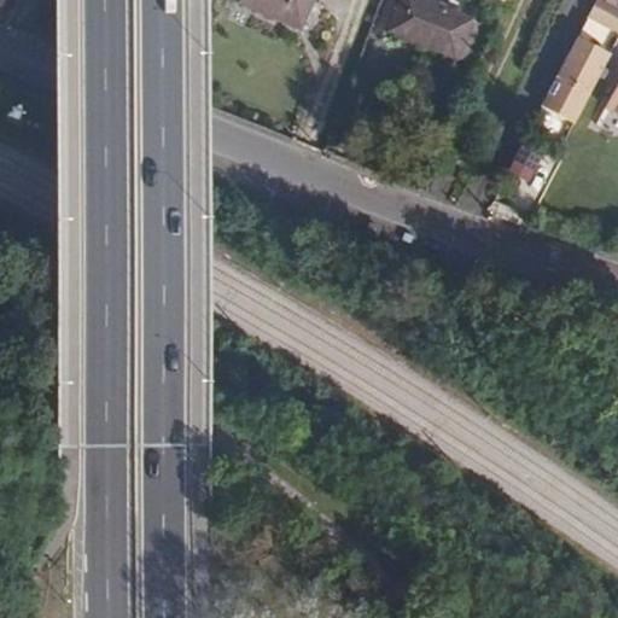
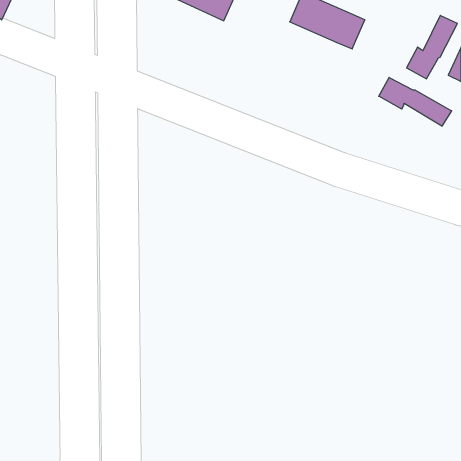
building: none -> [379,77,452,126]

